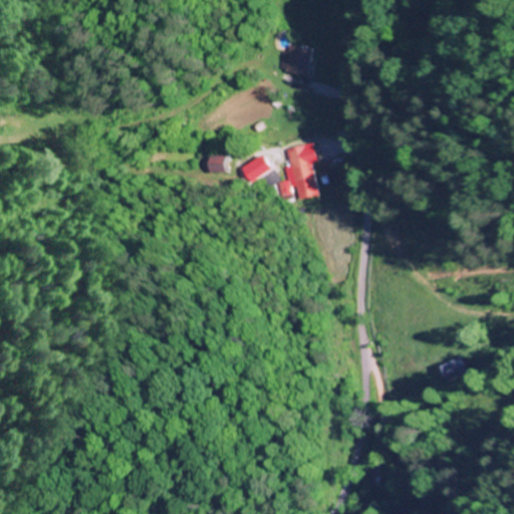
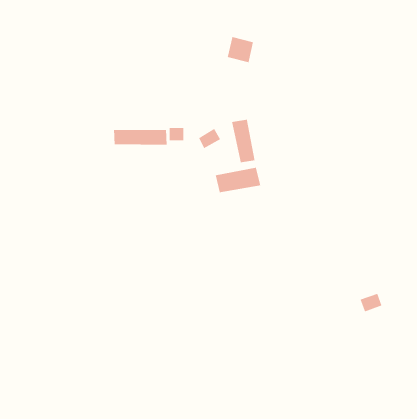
building: none -> [113,129,168,146]
building: none -> [215,167,261,193]

